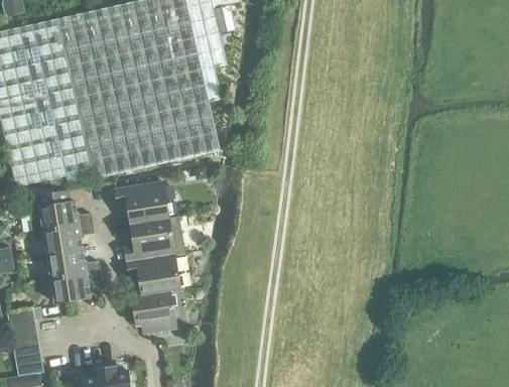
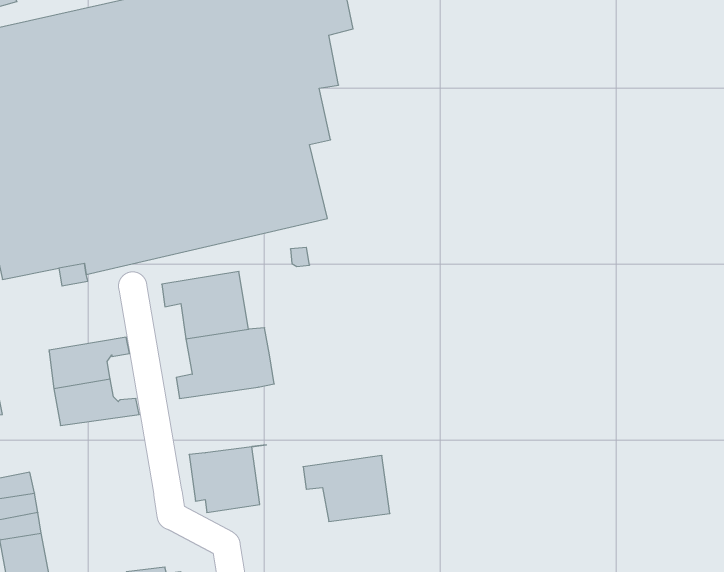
building: [29,189,93,234] -> none
building: [126,254,180,295] -> [303,456,390,521]
building: [51,271,102,302] -> none

